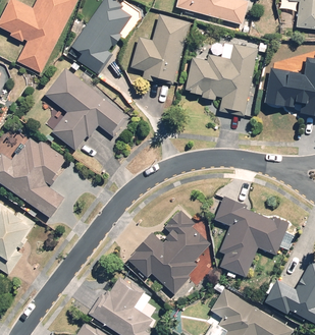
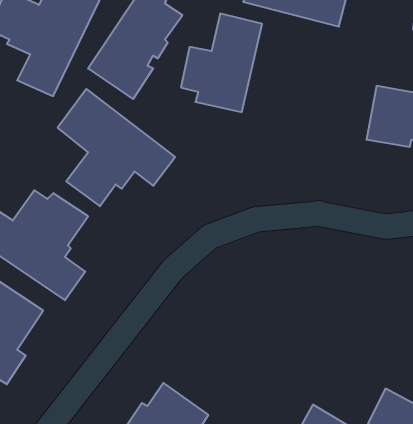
building: [186,42,258,116] -> none
building: [213,194,290,277] -> none
building: [124,209,211,294] -> none

